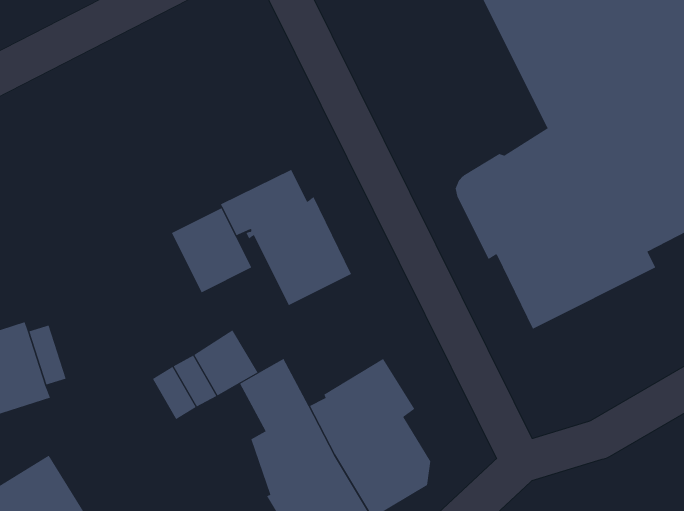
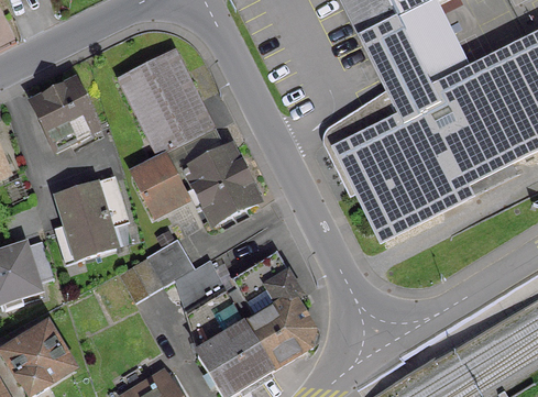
building: none -> [117,48,215,157]
building: none -> [32,81,98,151]
building: none -> [55,178,127,263]

